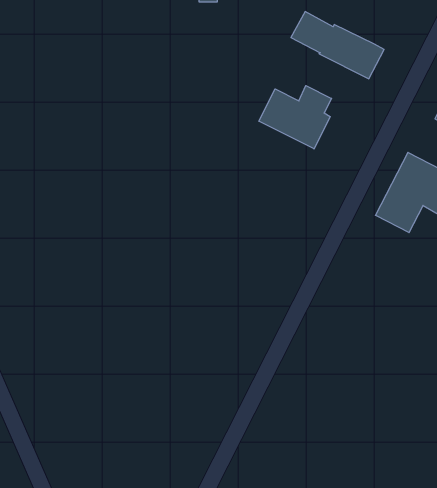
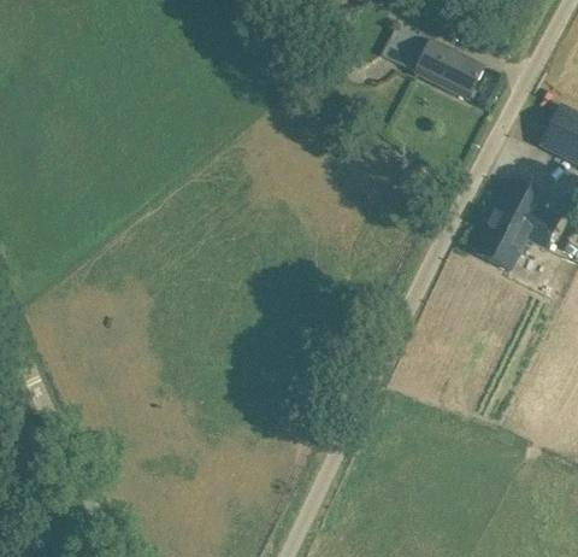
building: [259,86,332,149] -> none

